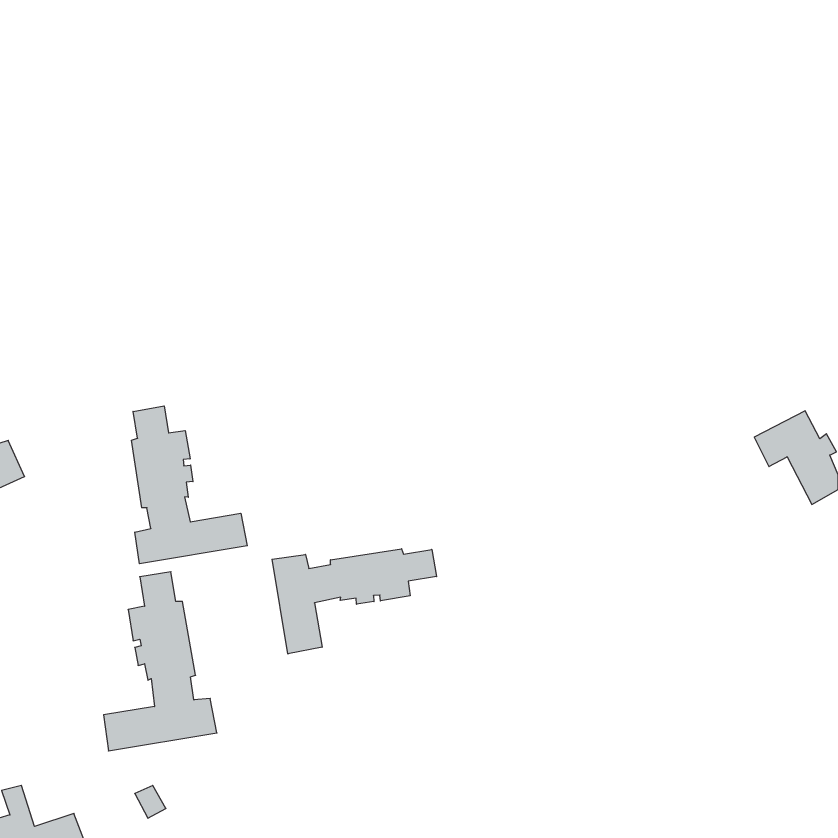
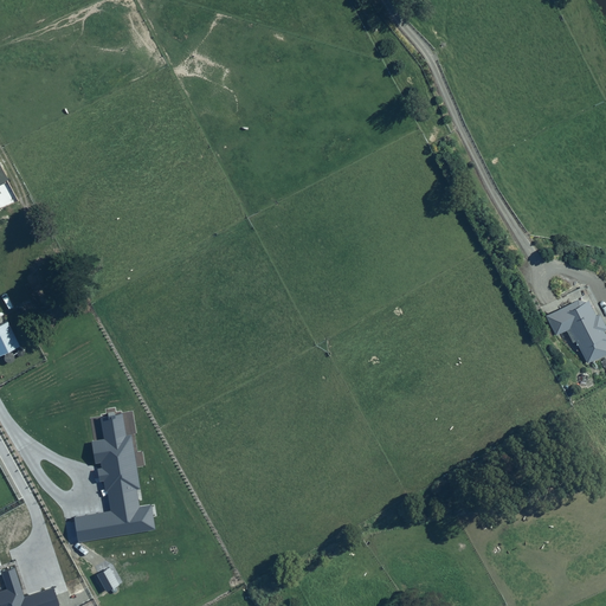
building: [131,406,247,564] -> none
building: [272,549,437,654] -> none

